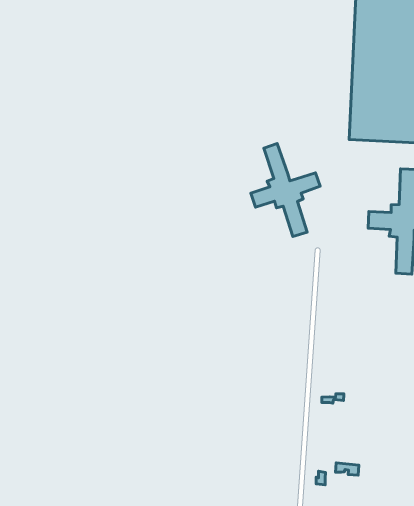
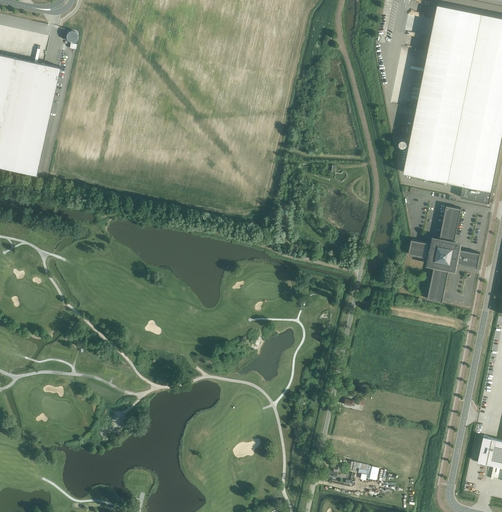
building: [251,144,320,237] -> none

